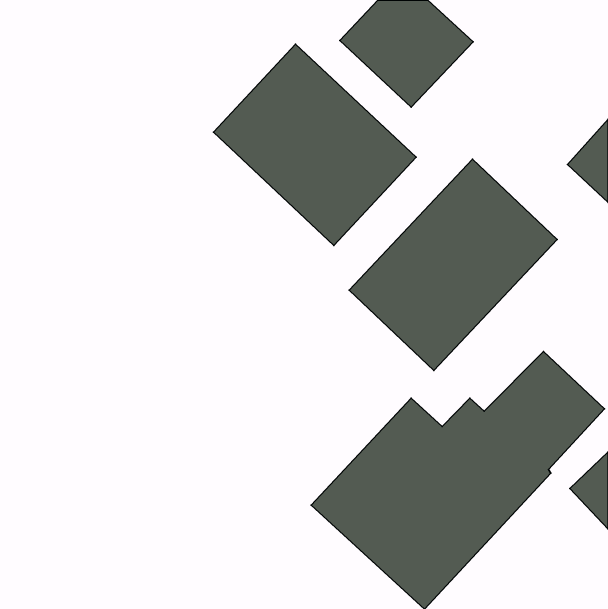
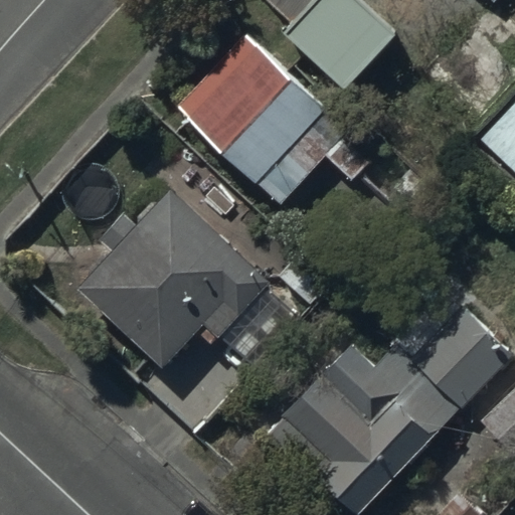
building: [349,159,557,371] -> none
building: none -> [80,198,276,377]

